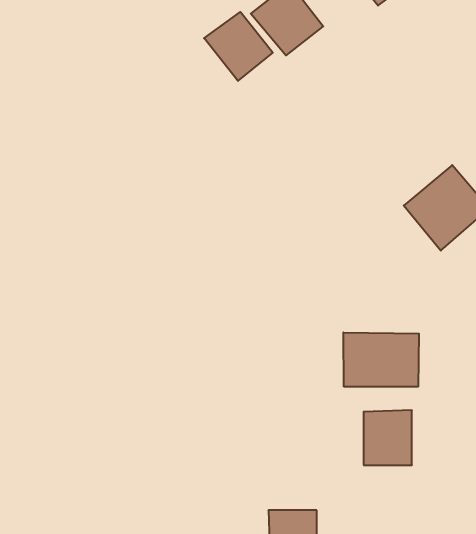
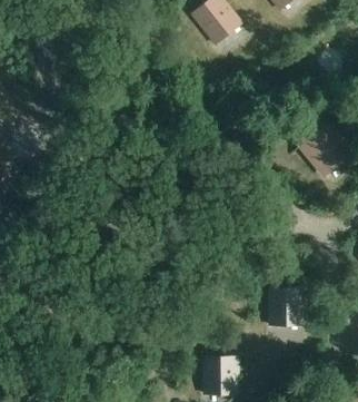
building: [204,12,273,81] -> none
building: [343,332,419,387] -> none

